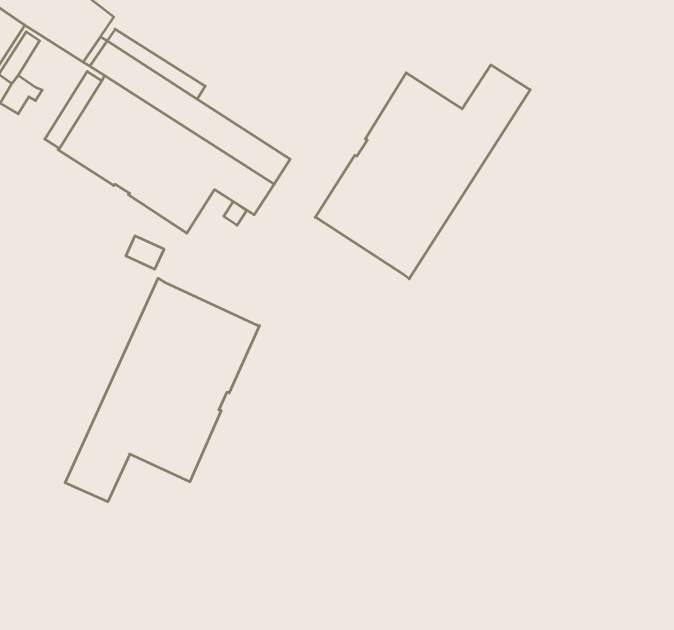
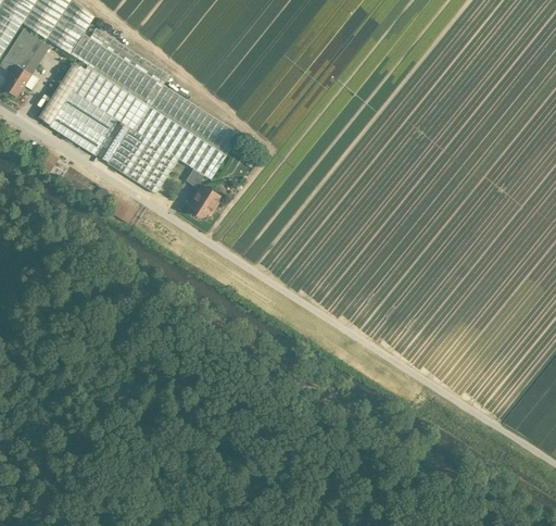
building: none -> [15,36,48,74]
building: [315,65,530,279] -> none
building: none -> [187,184,218,216]
building: [65,278,260,502] -> none

